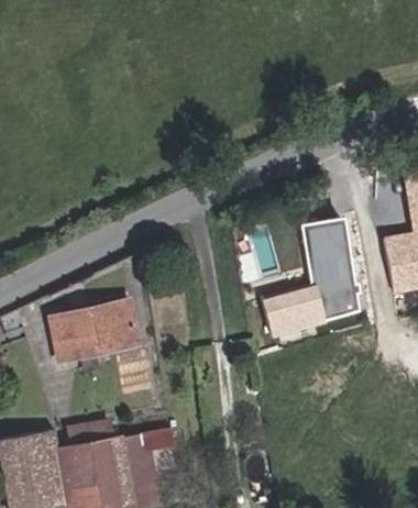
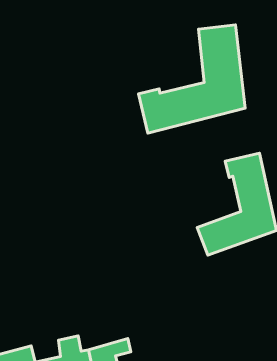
building: none -> [139,25,245,133]
building: [52,302,134,360] -> none

